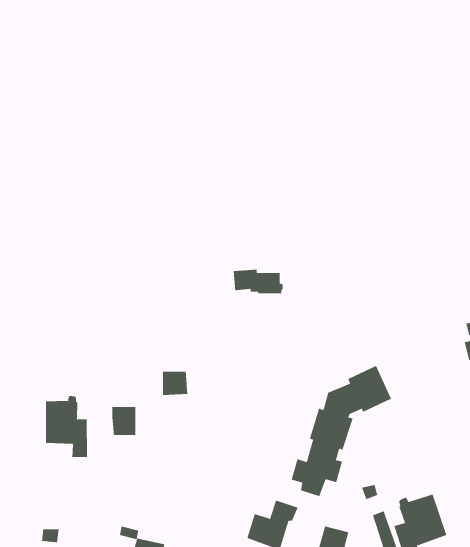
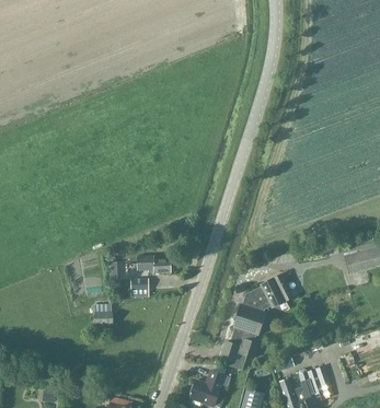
building: [233,269,284,294] -> [136,256,172,273]
building: [46,395,87,458] -> none

